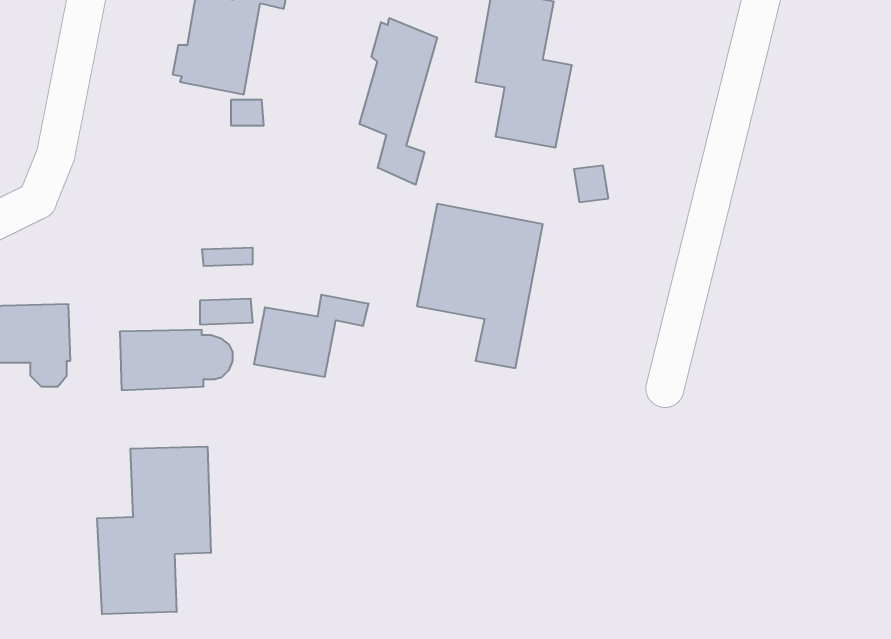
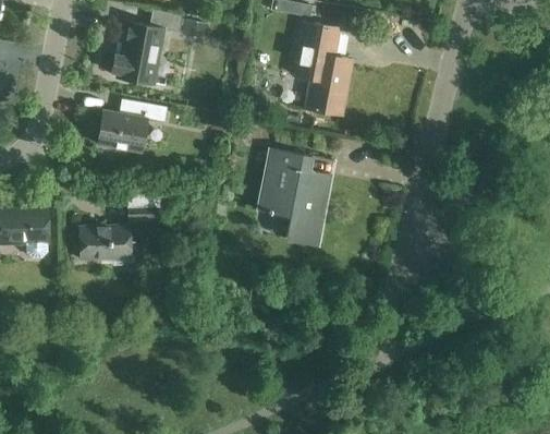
building: [359,18,437,185] -> none
building: [254,295,369,377] -> [96,103,164,152]
building: [97,447,211,614] -> none

